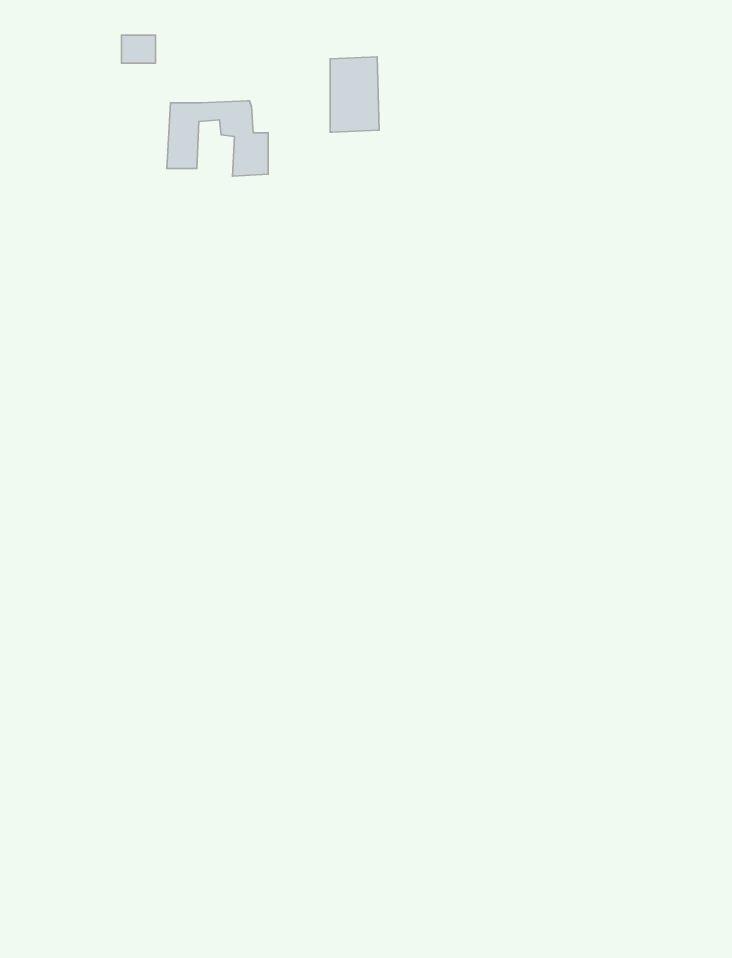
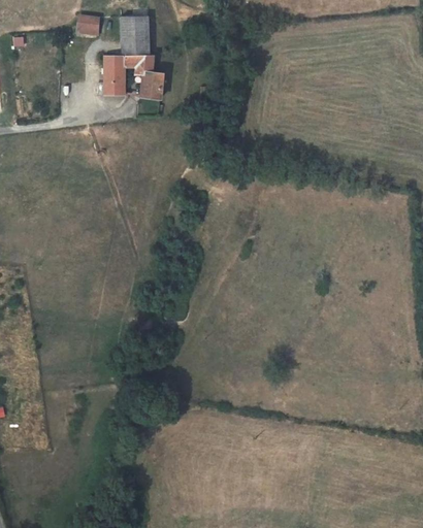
building: [330,57,379,132] -> [123,15,150,57]

